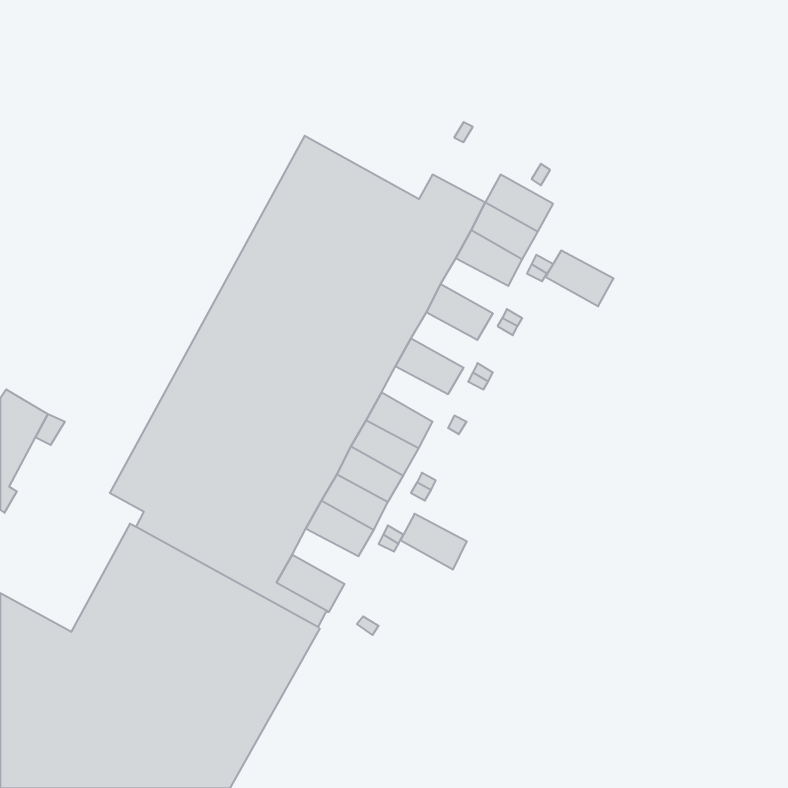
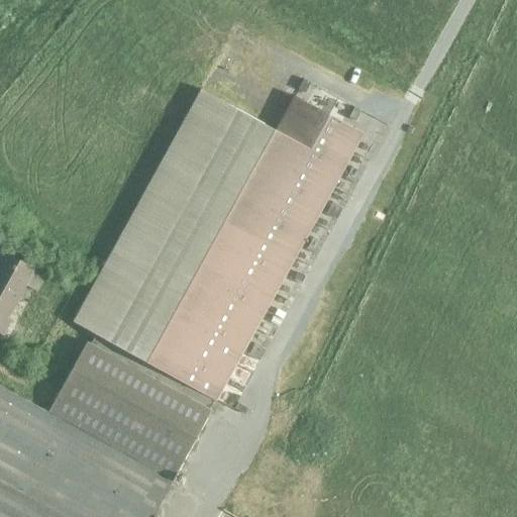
building: none -> [284,96,328,132]
building: [546,251,614,306] -> [289,169,333,205]
building: none -> [270,204,313,240]
building: none -> [250,239,294,276]
building: [401,514,467,569] -> [192,345,235,382]

